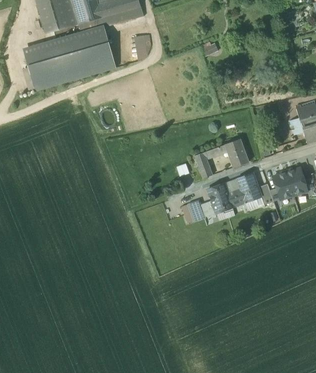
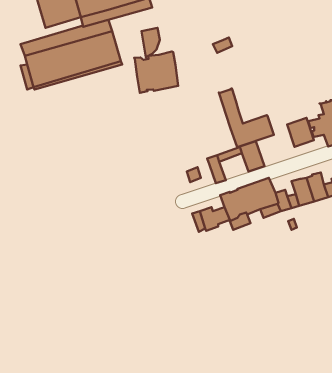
building: none -> [134,52,178,93]
building: none -> [219,89,274,147]
building: none -> [287,118,314,147]

